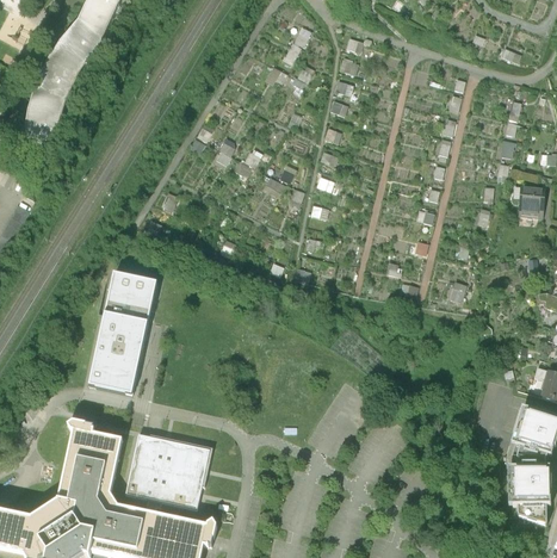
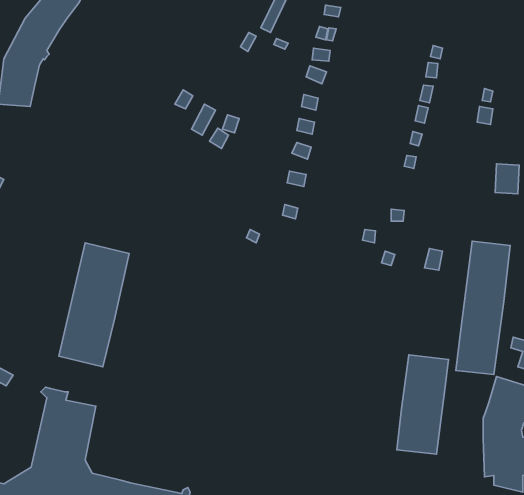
building: none -> [456,241,510,375]
building: none -> [397,355,448,454]
building: [125,434,211,513] -> none

